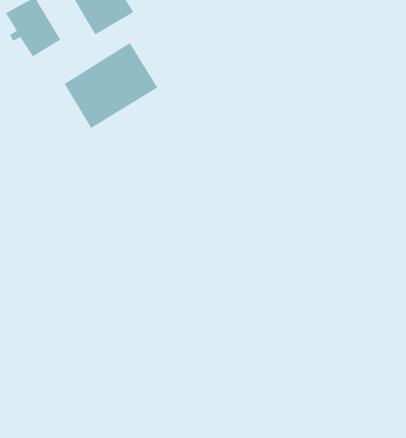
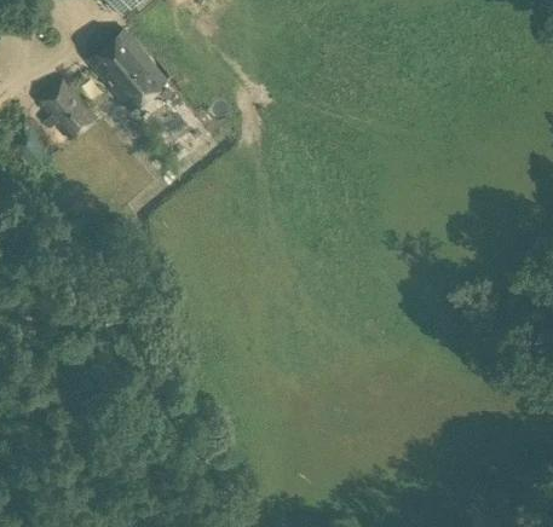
building: [64,42,158,129] -> none

